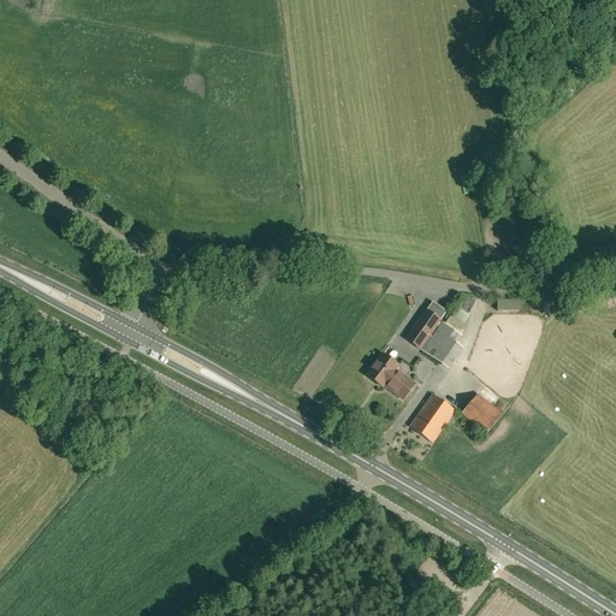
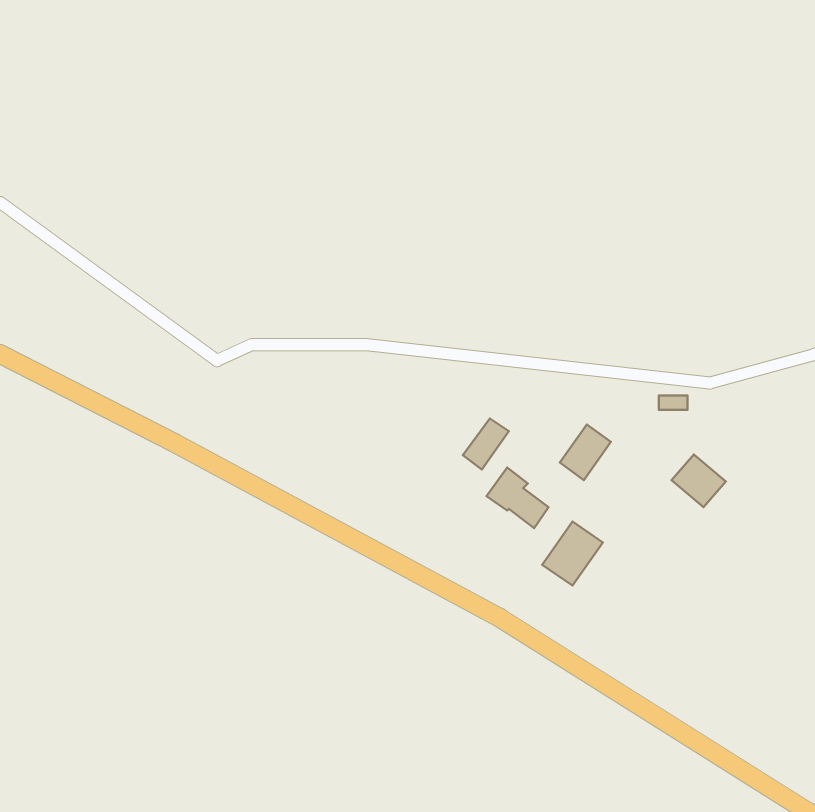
building: [405,309,440,348] -> [463,418,509,470]
building: [461,392,502,432] -> [672,455,726,507]

